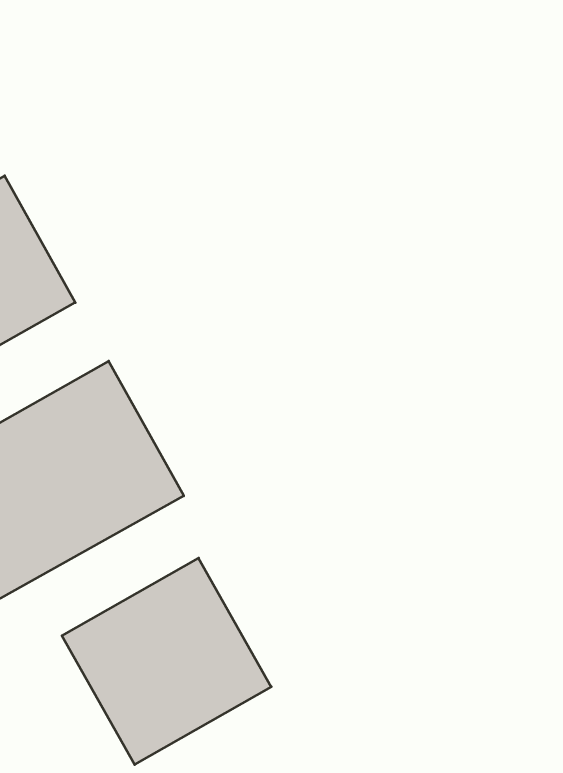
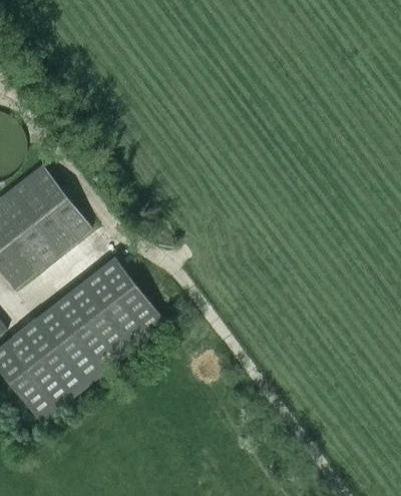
building: [62,558,271,765] -> none

